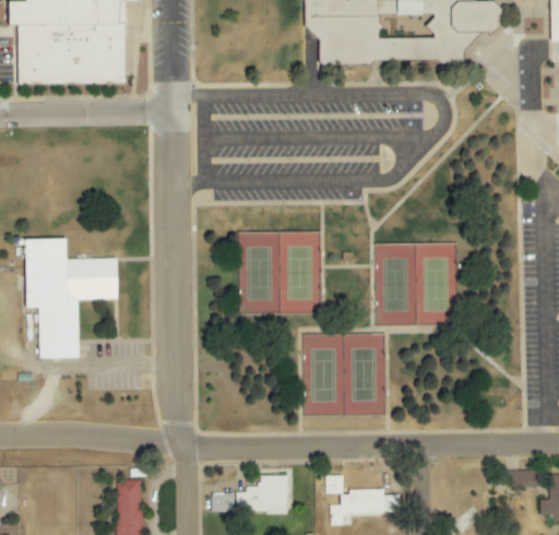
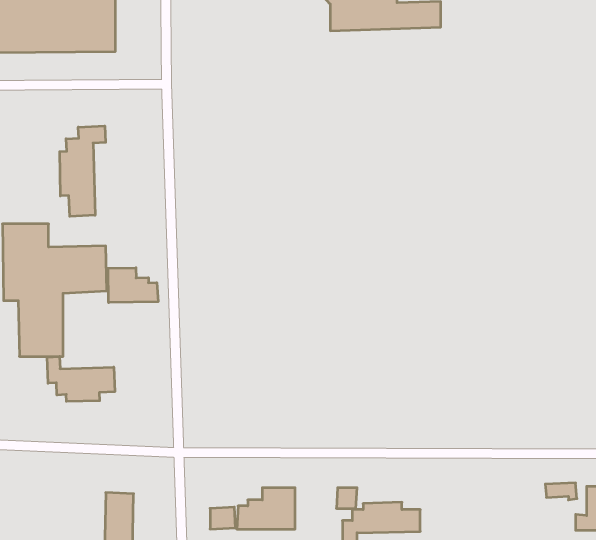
building: none -> [60,126,106,216]
building: none -> [108,268,158,303]
building: none -> [47,356,115,401]

